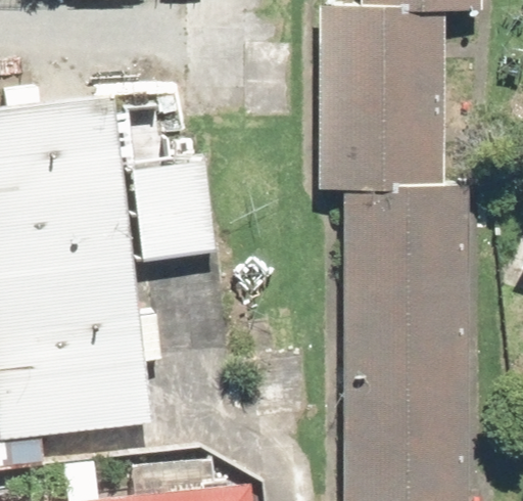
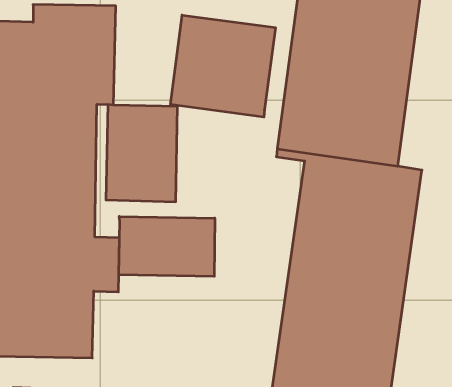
building: none -> [171,15,275,117]
building: none -> [119,216,215,276]

